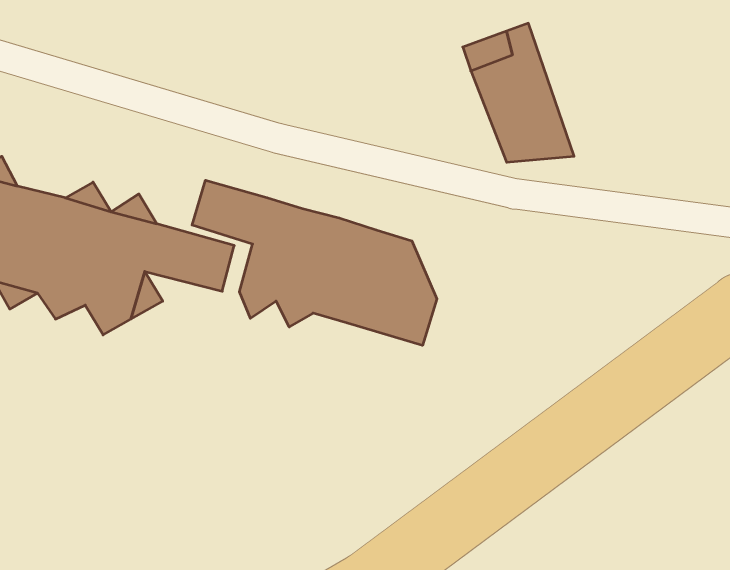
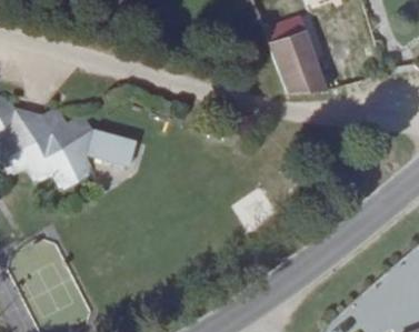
building: [192,180,437,345] -> none

